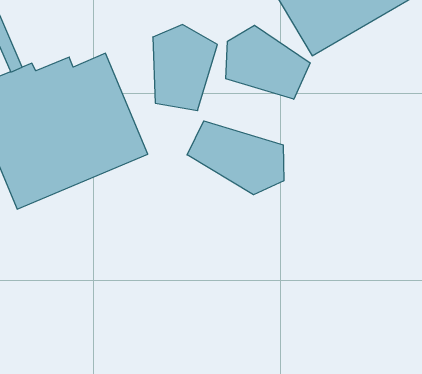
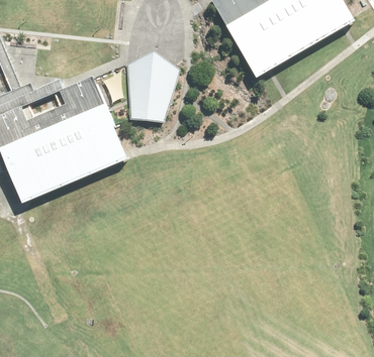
building: [226,25,310,99] -> none
building: [187,121,284,195] -> none

